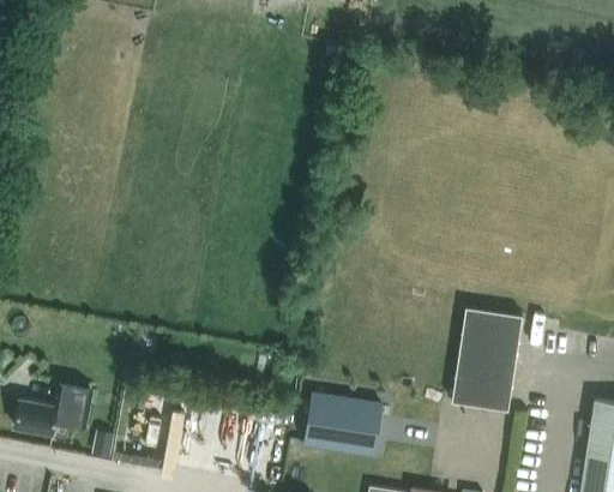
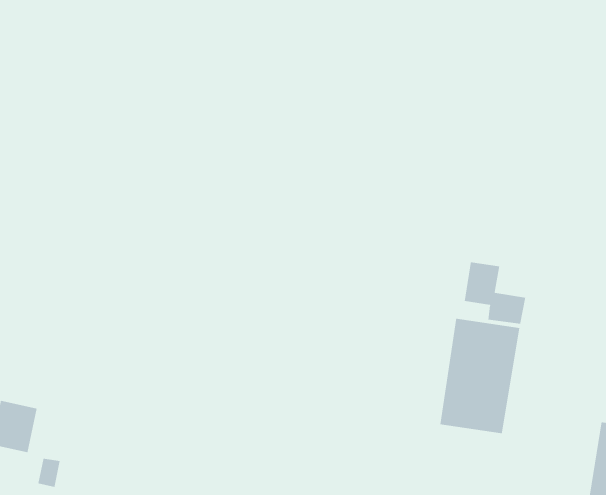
building: none -> [464,262,526,325]
building: [303,386,384,445] -> none

